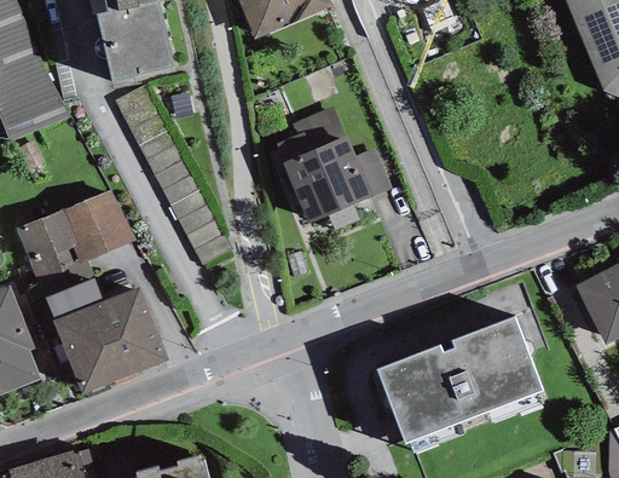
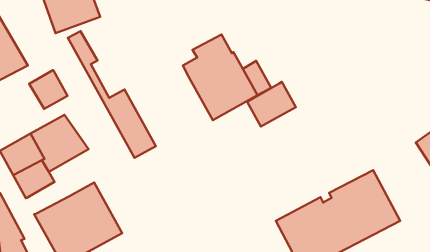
building: none -> [29,70,67,109]
building: none -> [247,82,296,127]
building: [45,276,102,318] -> none

